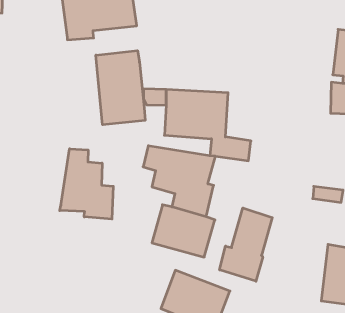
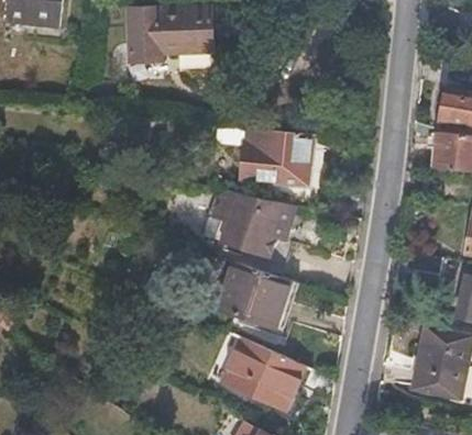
building: [96,51,145,125] -> none
building: [60,149,113,219] -> none
building: [220,208,272,281] -> none

